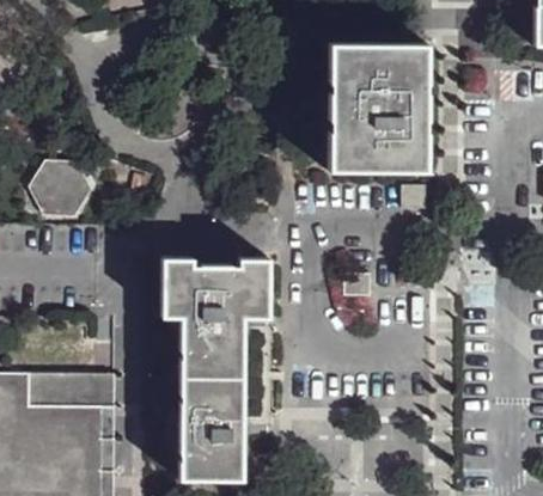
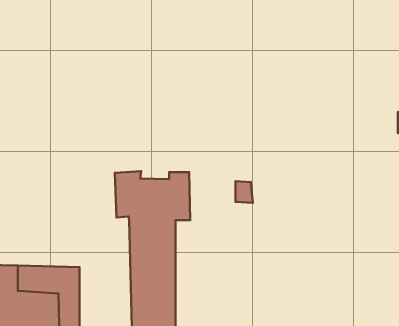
building: [331,44,428,172] -> none
building: [32,160,92,216] -> none

